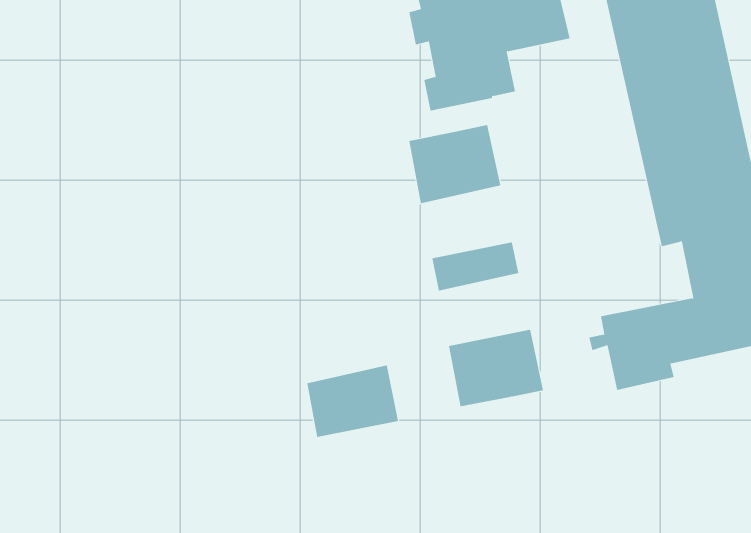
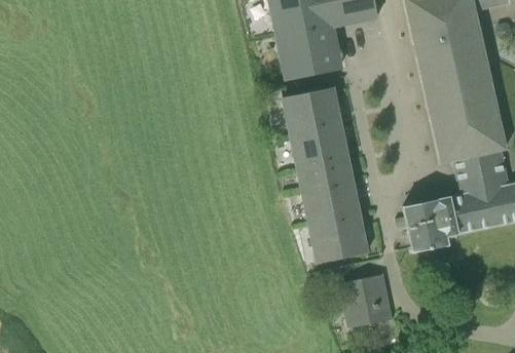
building: none -> [291,125,348,170]
building: [306,365,399,438] -> [302,180,360,225]
building: none -> [339,274,393,328]

